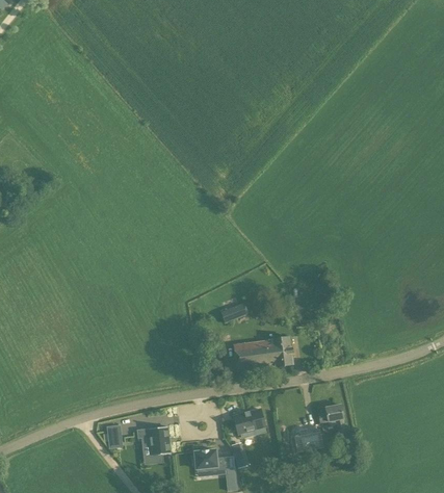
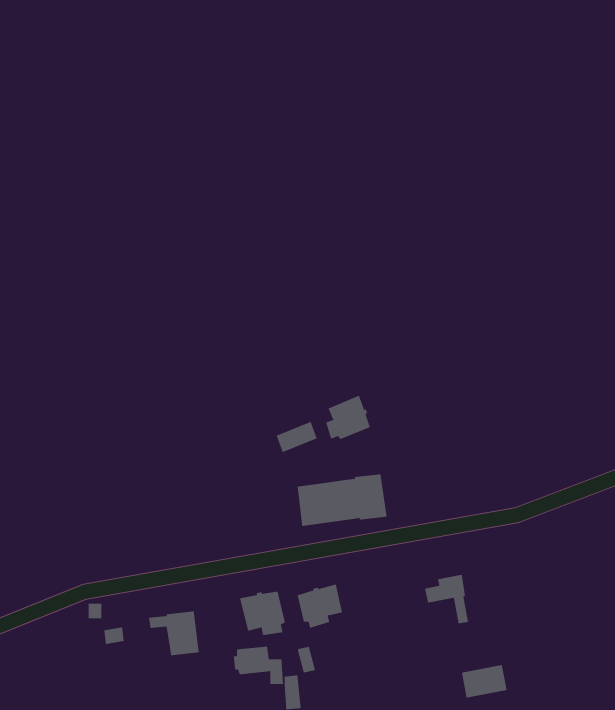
building: none -> [325,395,370,440]
building: none -> [240,591,285,636]
building: [293,430,323,451] -> [461,665,507,698]

